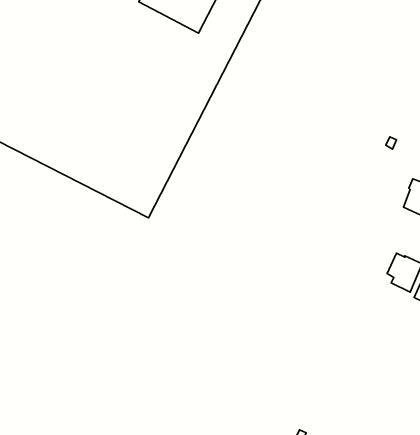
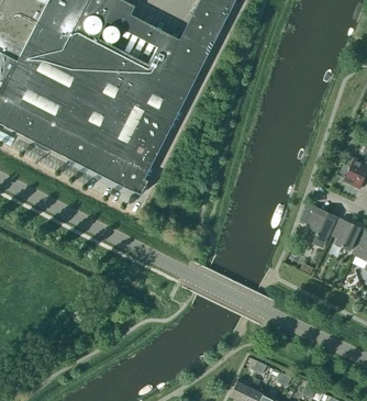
building: none -> [308,207,336,246]

